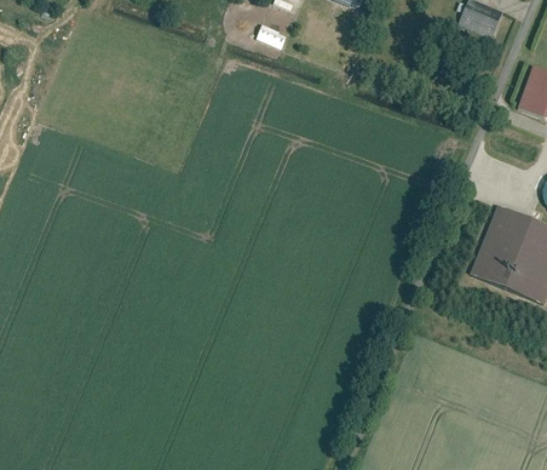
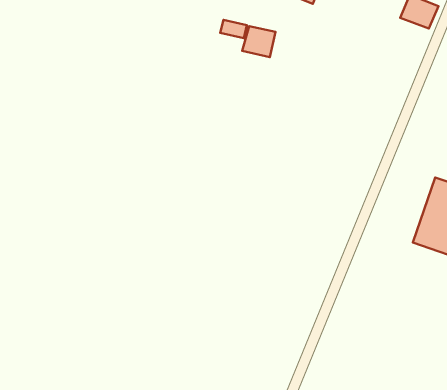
building: none -> [242,26,276,57]

